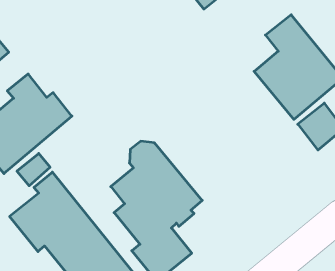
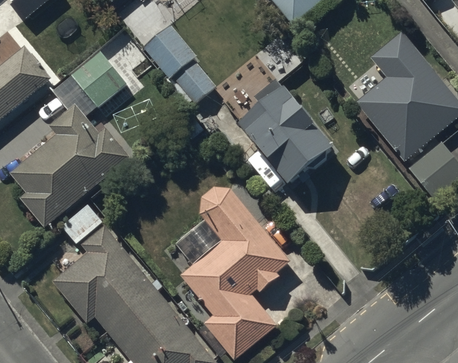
building: none -> [142,24,216,103]
building: none -> [71,50,127,107]
building: none -> [239,80,336,188]

